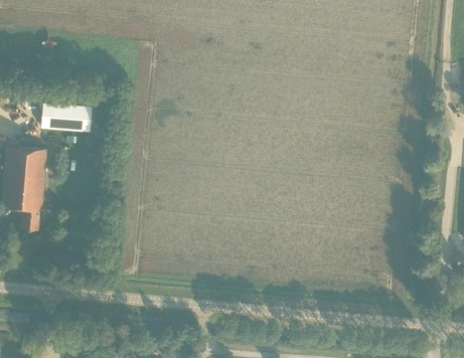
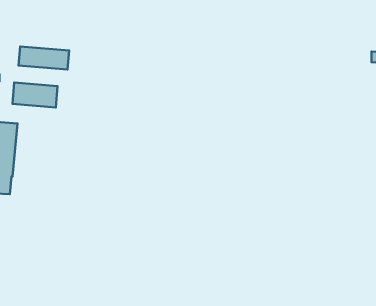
building: none -> [19,46,69,69]

